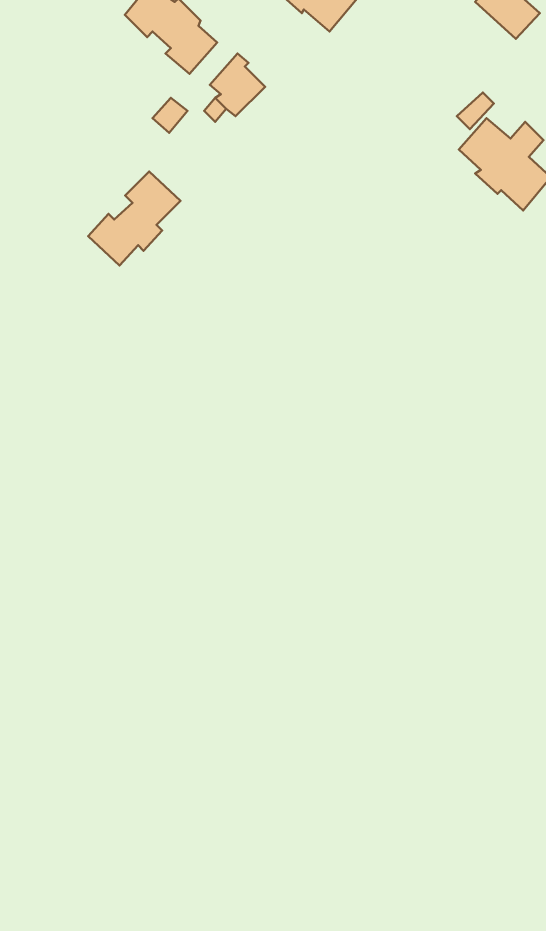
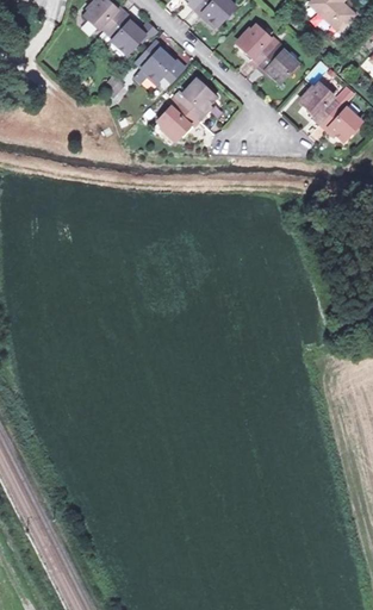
building: none -> [238,24,300,85]
building: [88,171,180,266] -> [158,77,218,138]

